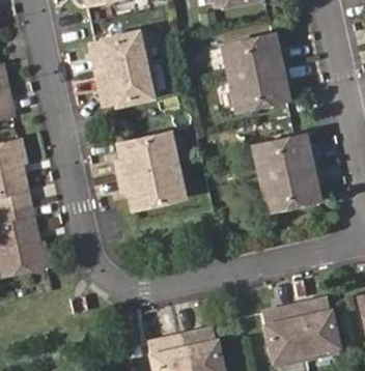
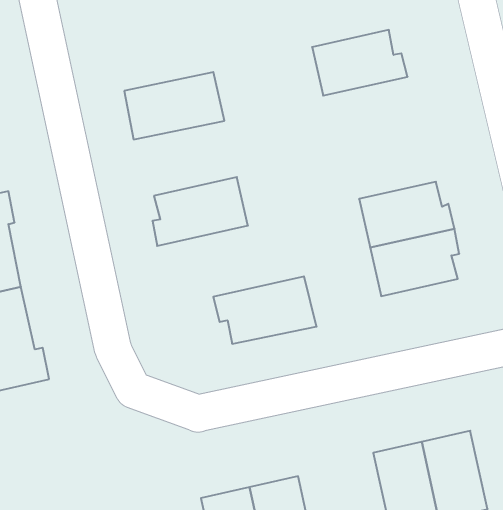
building: [91,30,158,75] -> none
building: [230,65,289,110] -> none
building: [120,164,189,208] -> [213,276,317,344]

